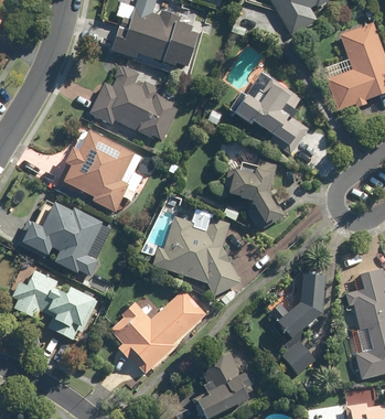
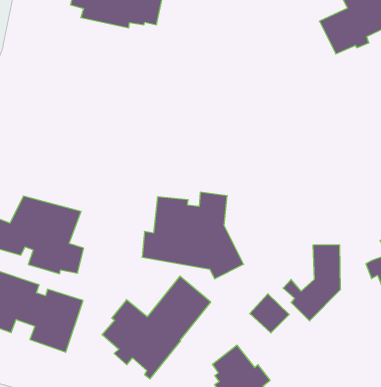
building: [88,69,175,141] -> none
building: [227,71,308,153] -> none
building: [63,135,132,212] -> none
building: [224,159,285,225] -> none
building: [279,340,313,374] -> [250,294,289,333]

